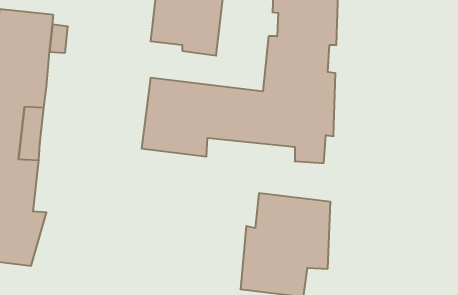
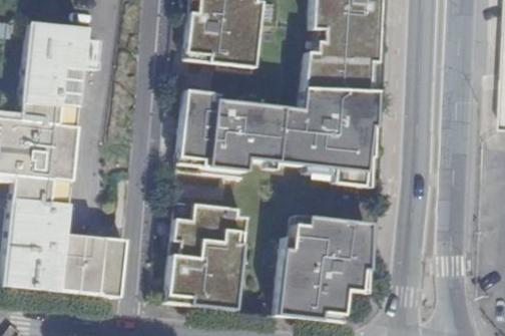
building: none -> [164,202,246,309]
building: none -> [61,234,124,295]

